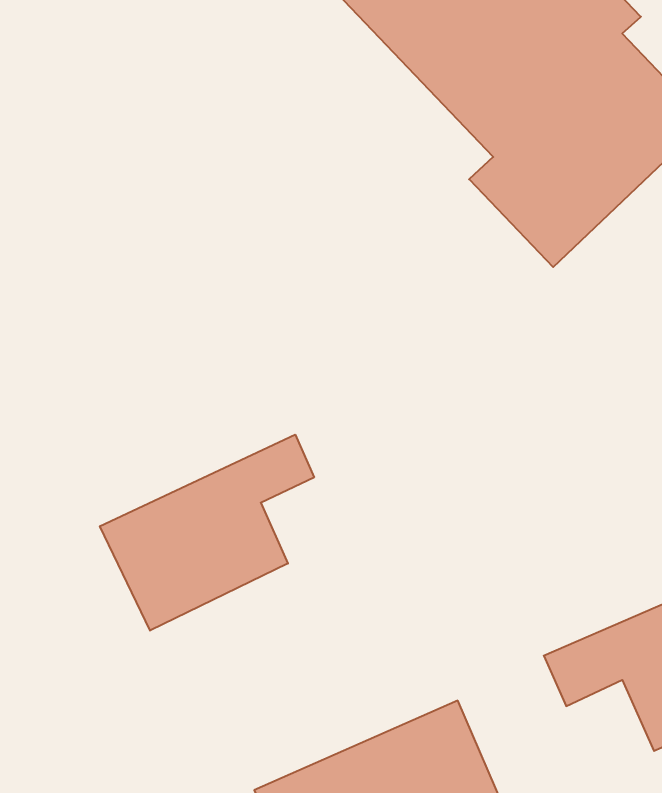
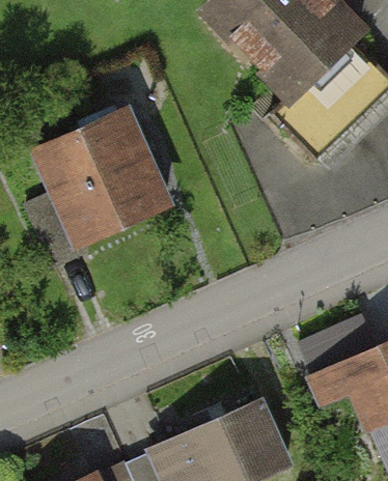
building: none -> [29,112,169,265]
building: [100,435,314,631] -> none

